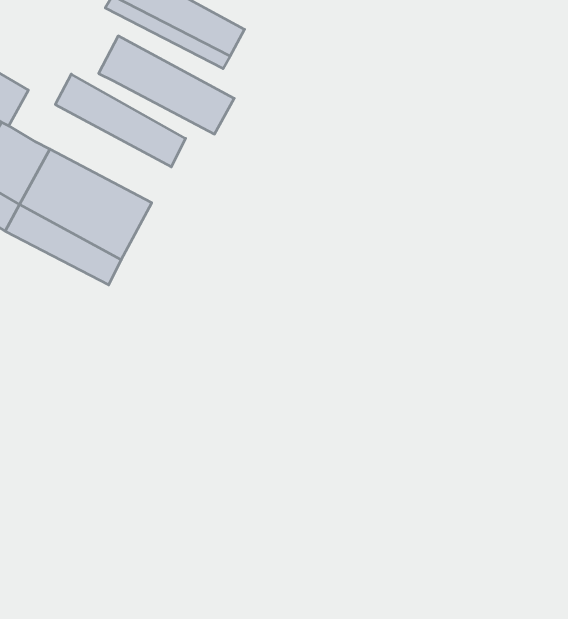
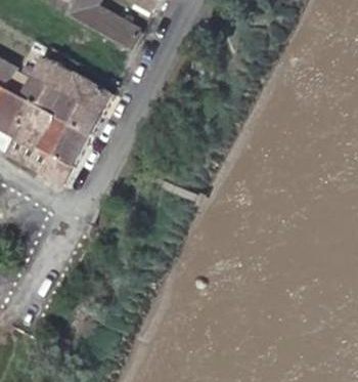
building: [99,36,234,134] -> [25,72,102,128]

